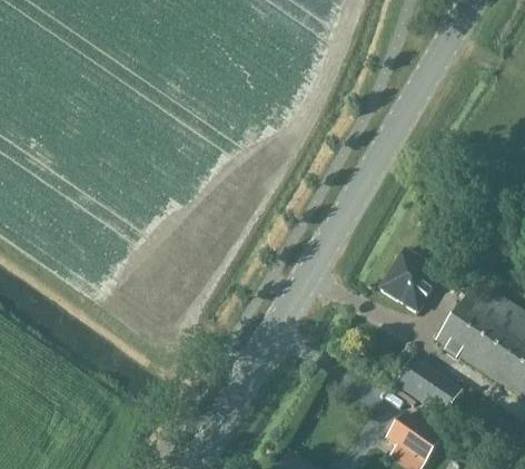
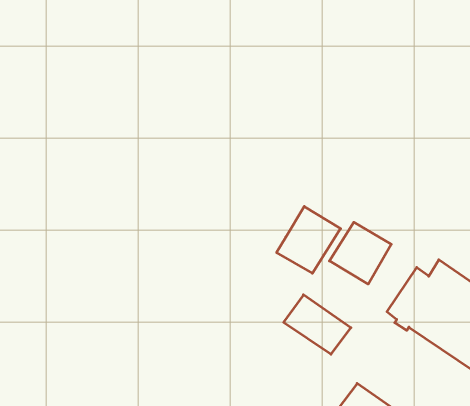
building: none -> [277,206,341,273]
building: [395,359,463,419] -> [284,295,351,354]

